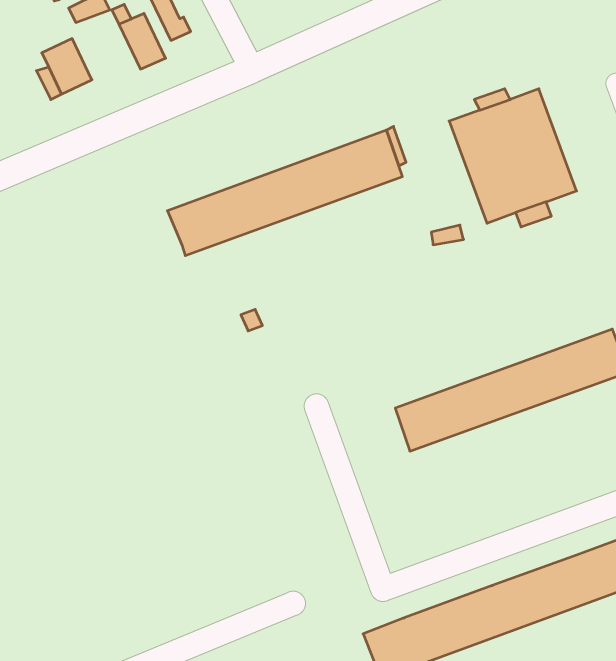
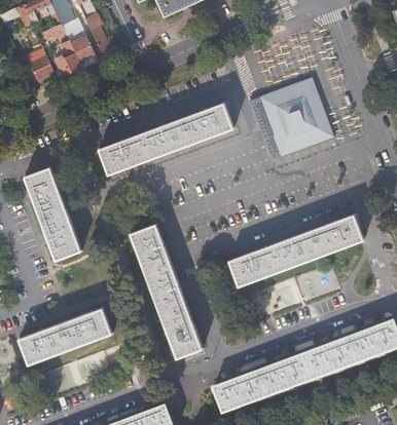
building: none -> [53,52,81,76]
building: none -> [24,166,80,259]
building: none -> [129,223,202,358]
building: none -> [17,307,110,362]

